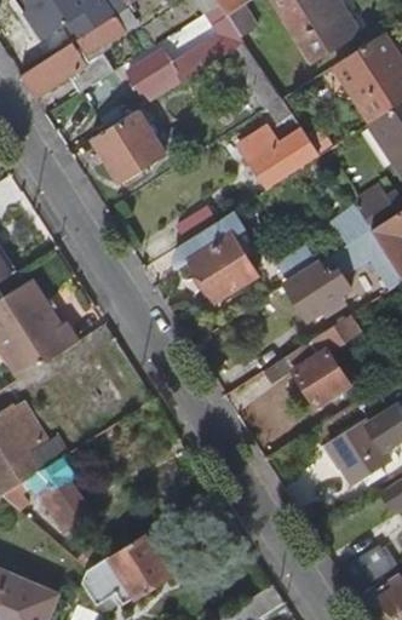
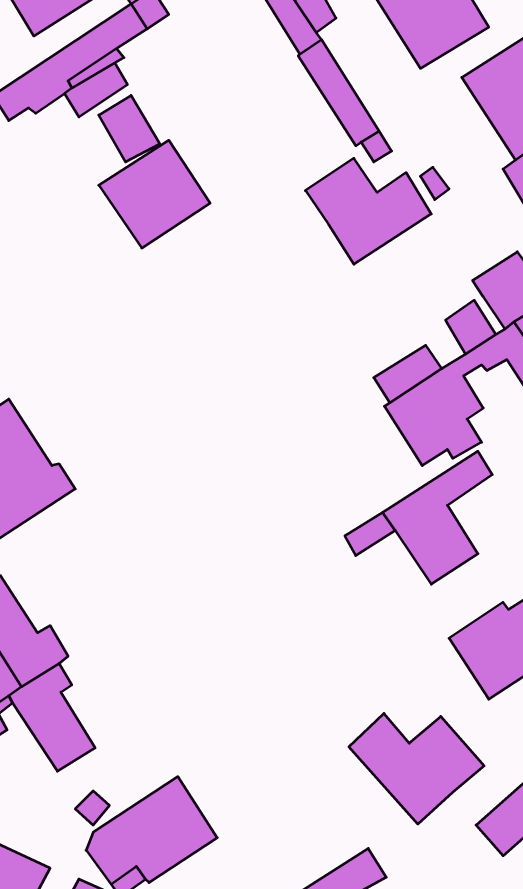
building: [126,44,207,97] -> none
building: [176,213,254,300] -> none
building: none -> [349,713,484,824]

